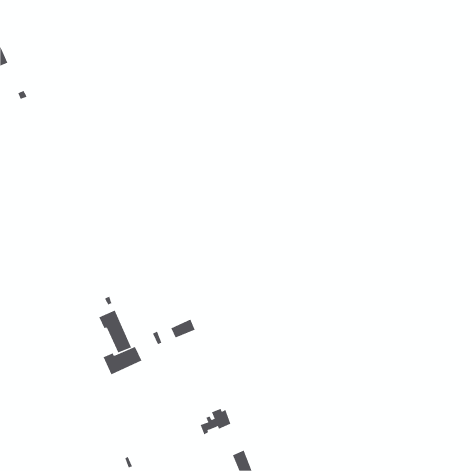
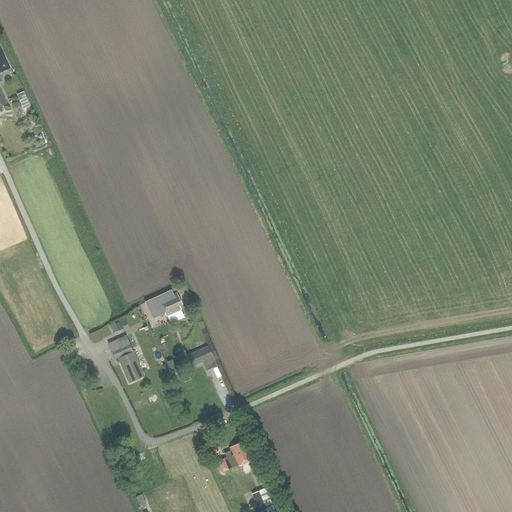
building: none -> [144,290,181,319]
building: [103,346,142,375] -> none

